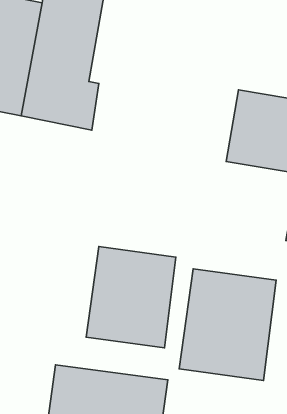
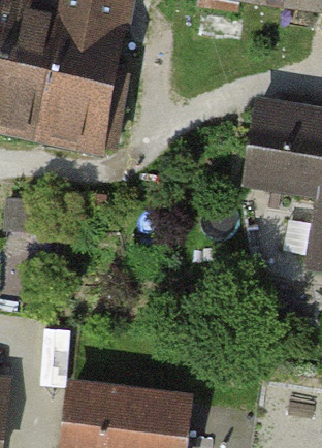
building: [86,247,176,348] -> none
building: [179,269,276,380] -> none

